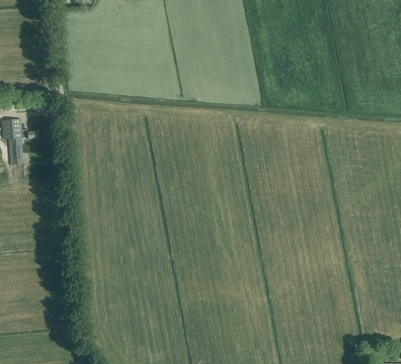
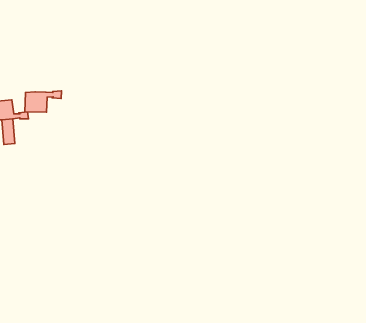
building: none -> [25,91,62,112]

